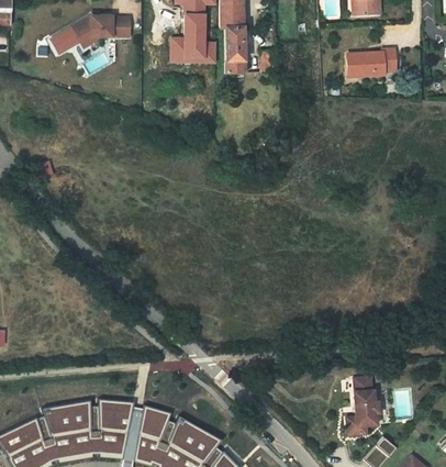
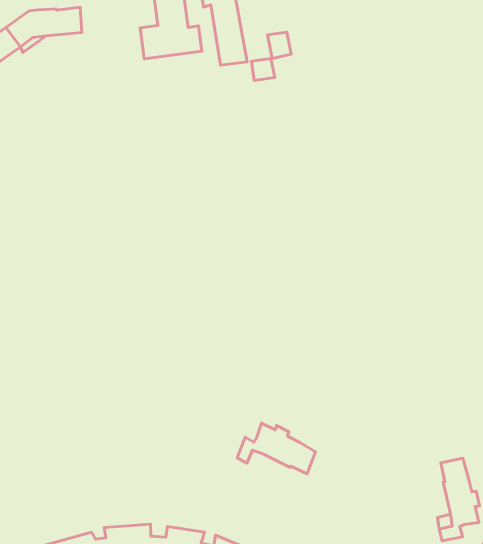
building: [341,51,389,80] -> none
building: none -> [237,423,316,474]

